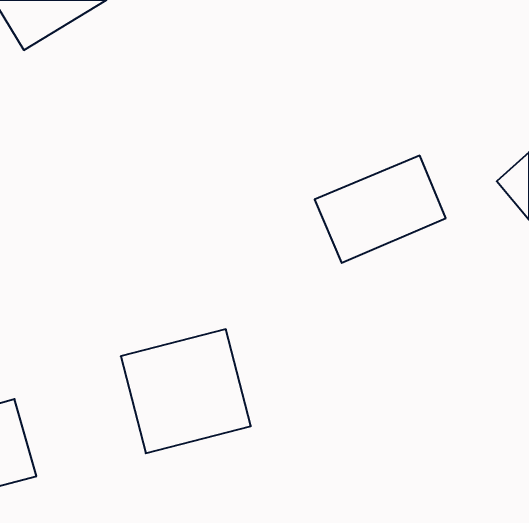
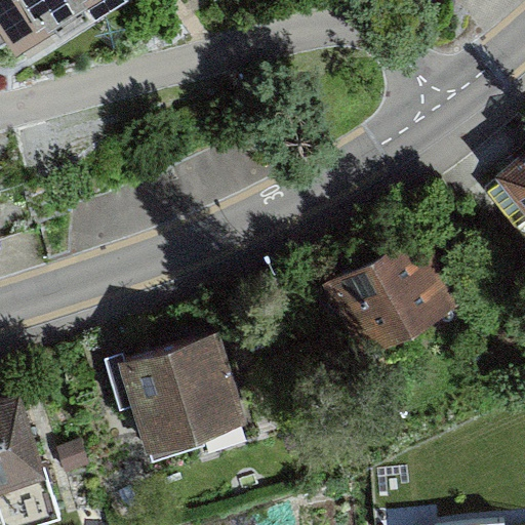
building: [315,156,446,263] -> [327,244,456,350]

